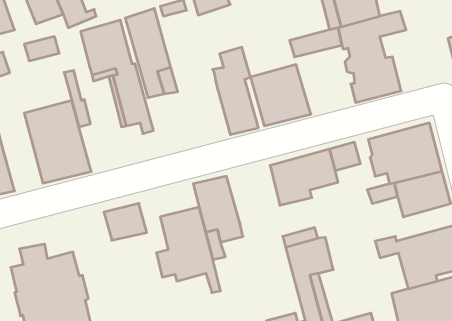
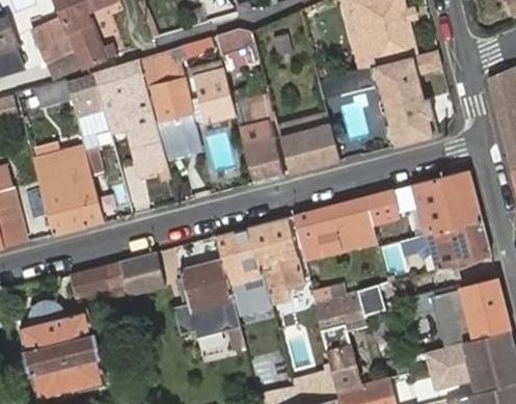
building: none -> [196,68,238,124]
building: none -> [69,73,105,116]
building: none -> [251,218,303,300]
building: none -> [76,266,132,313]

